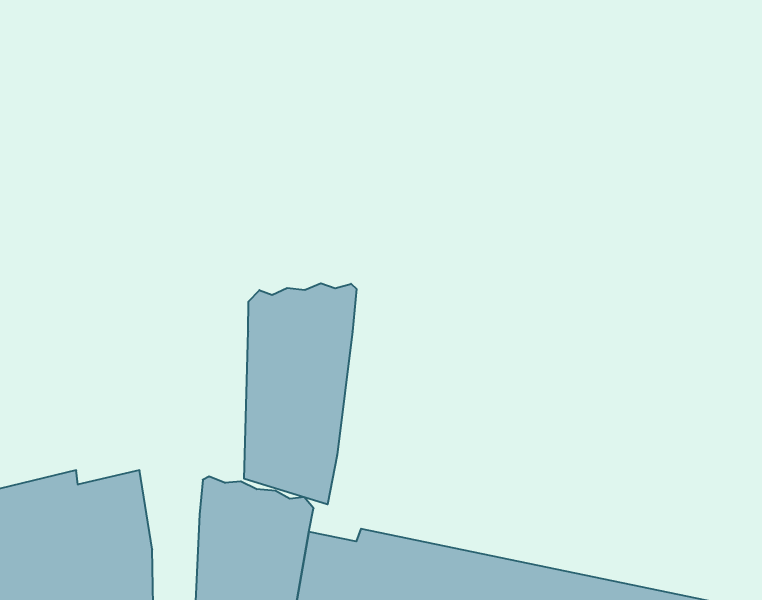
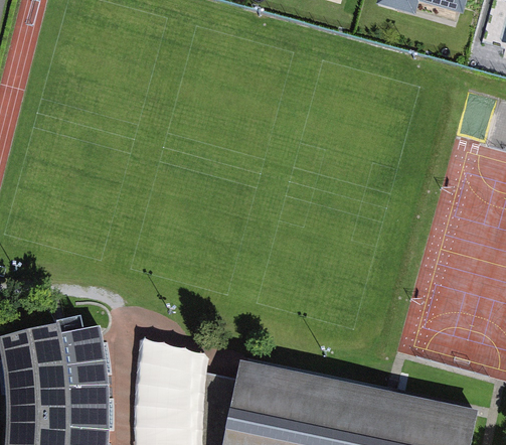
building: [244,283,356,504] -> none

